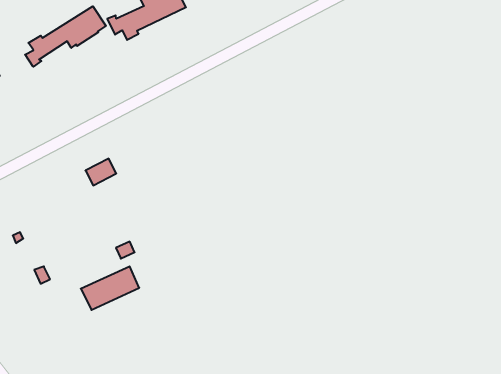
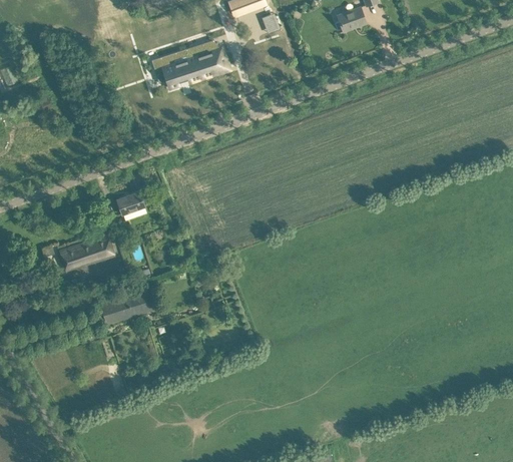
building: [25,6,106,67] -> none
building: none -> [60,237,116,273]

